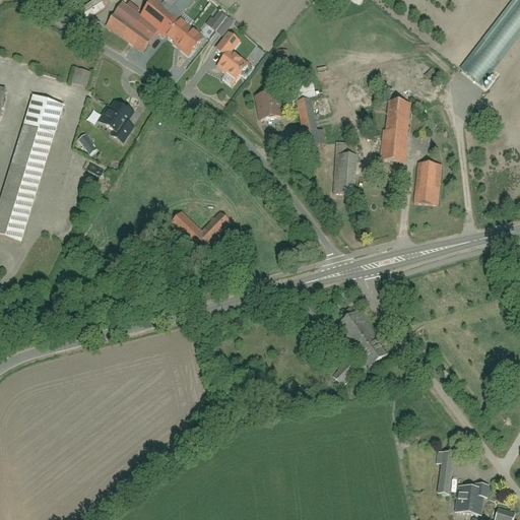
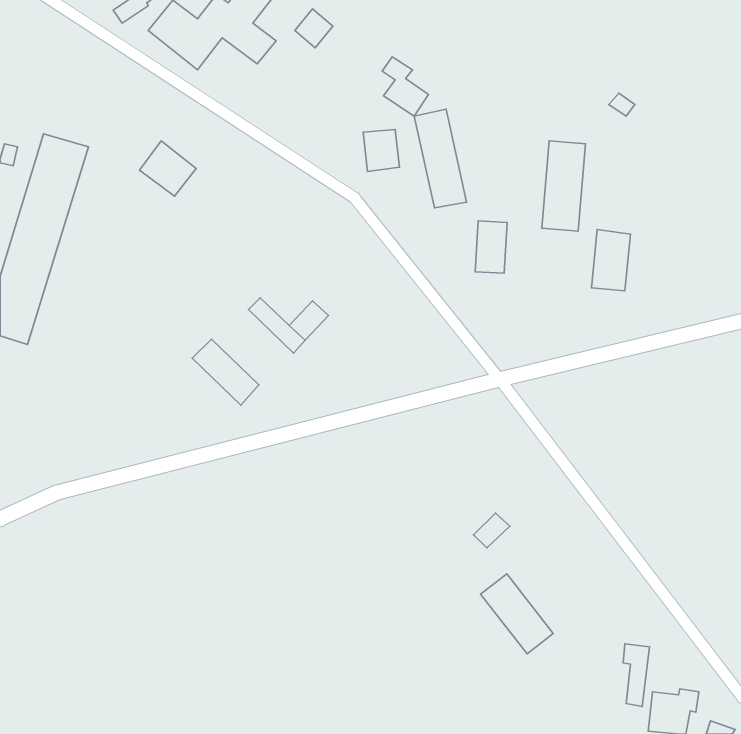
building: [214,38,247,79] -> [382,57,429,116]
building: none -> [192,339,259,405]
building: [336,310,387,366] -> [481,574,553,654]

